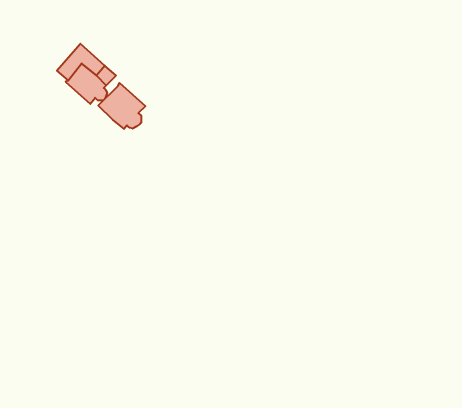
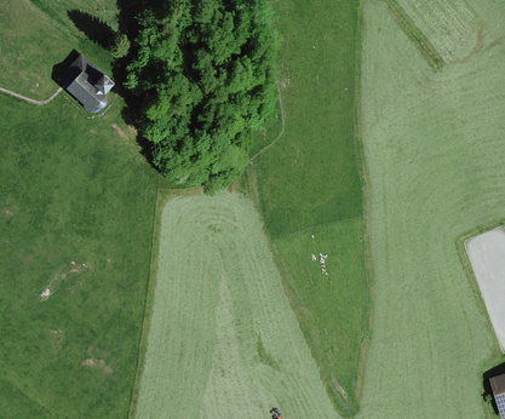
building: [98,83,145,129] -> none

